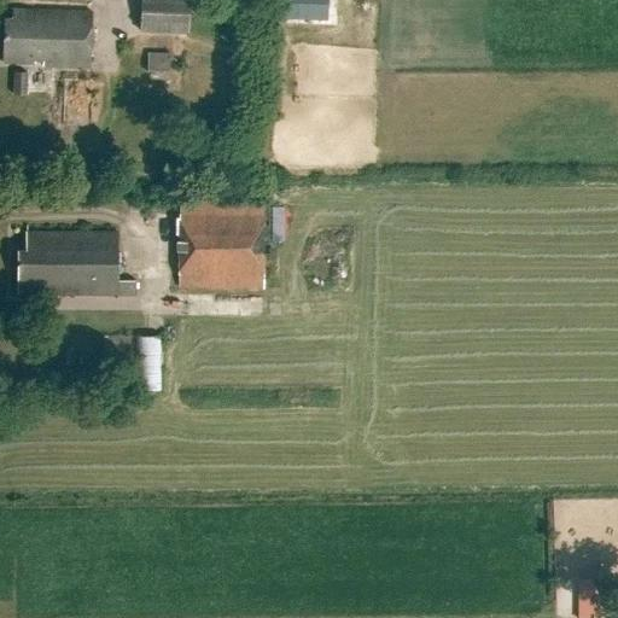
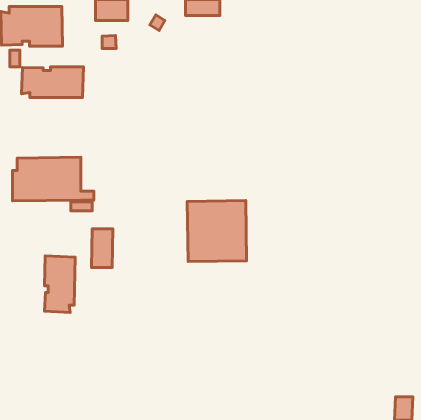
building: none -> [22,67,83,98]
building: [179,199,266,288] -> [187,201,247,262]
building: none -> [44,256,75,313]

